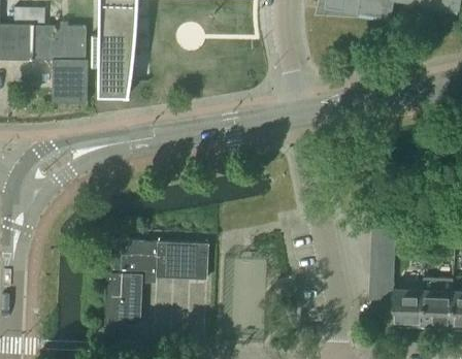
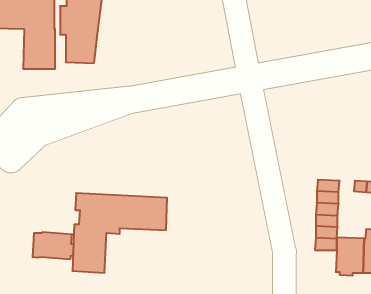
building: none -> [33,232,73,259]

